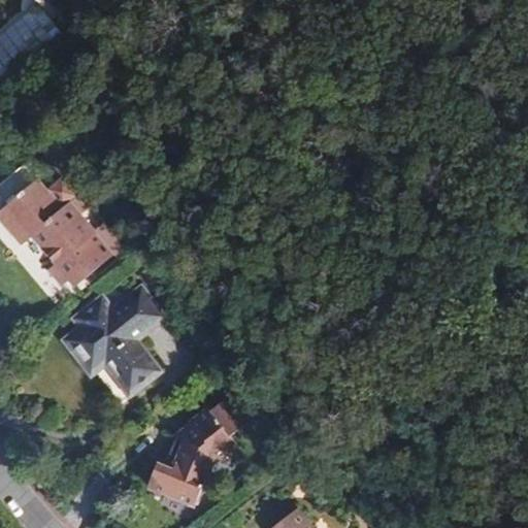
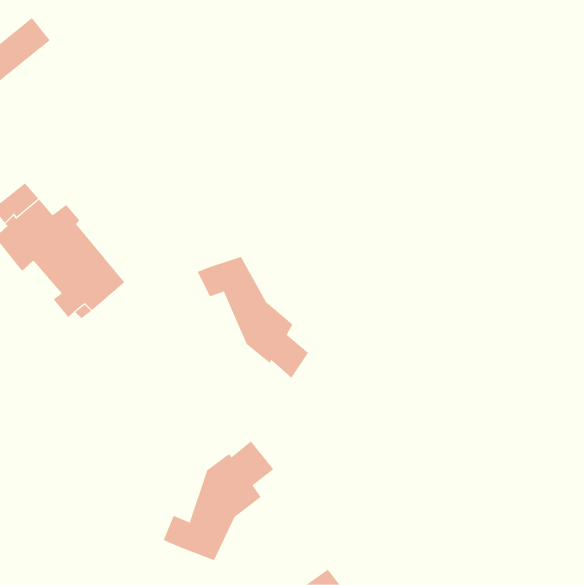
building: none -> [197,256,309,378]
building: [65,288,161,392] -> none

